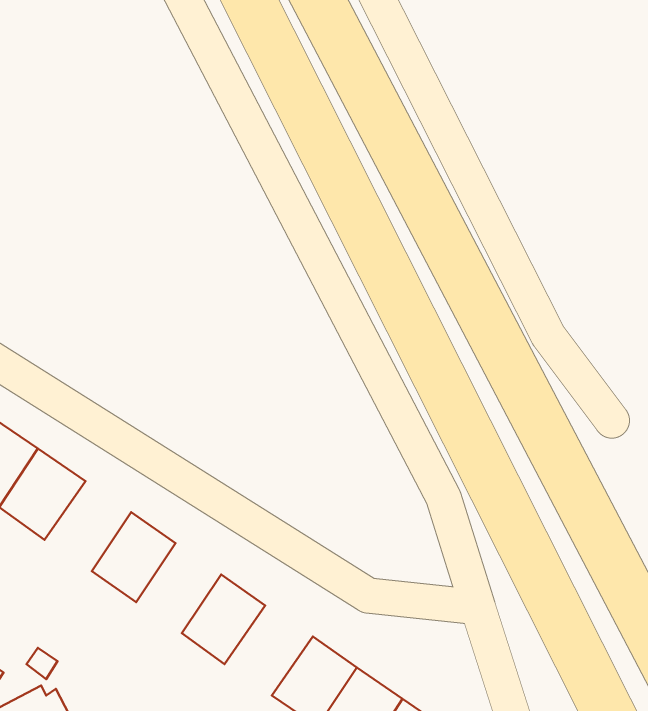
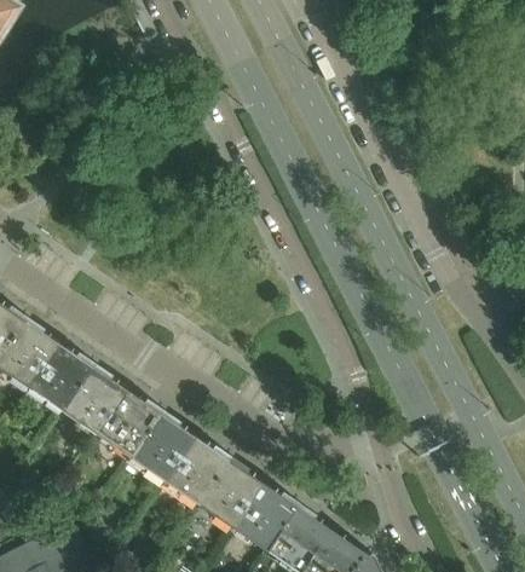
building: none -> [62,366,126,433]
building: none -> [129,412,192,479]
building: none -> [195,458,260,525]

